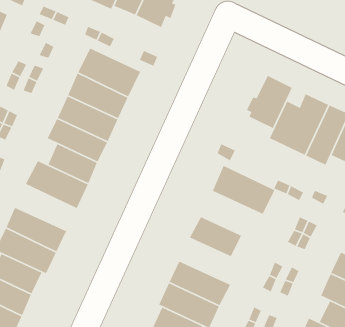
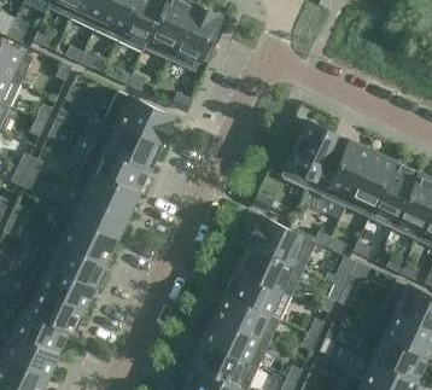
building: none -> [40,237,106,286]
building: none -> [237,244,303,296]
building: none -> [214,293,269,343]

